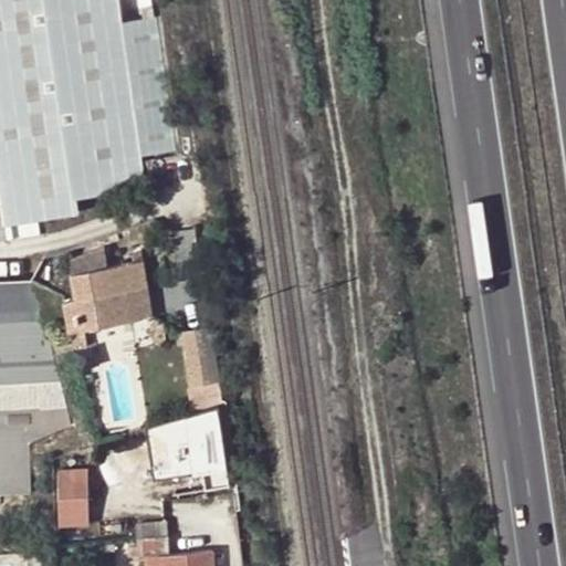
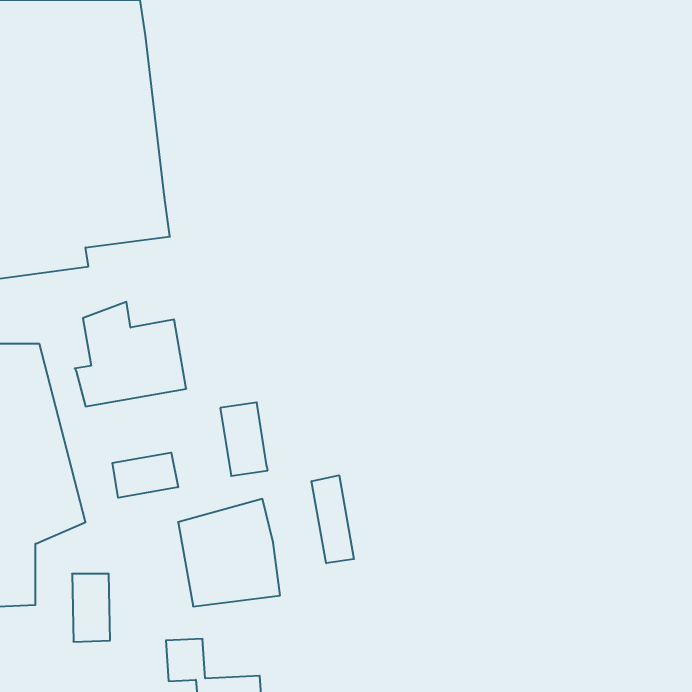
building: [118,27,169,163] -> none
building: none -> [112,453,178,498]
building: none -> [312,475,354,563]

